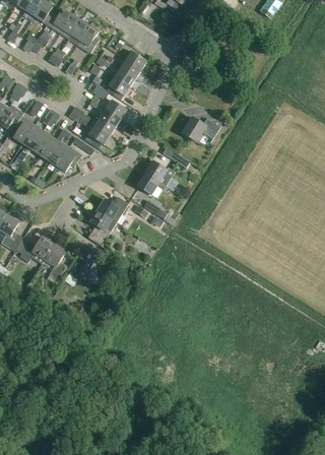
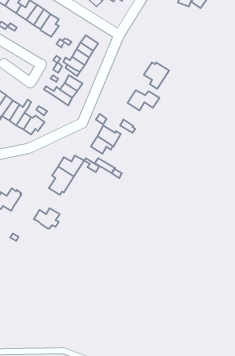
building: none -> [144,62,169,89]
building: [77,116,109,144] -> none
building: [41,243,65,279] -> none

